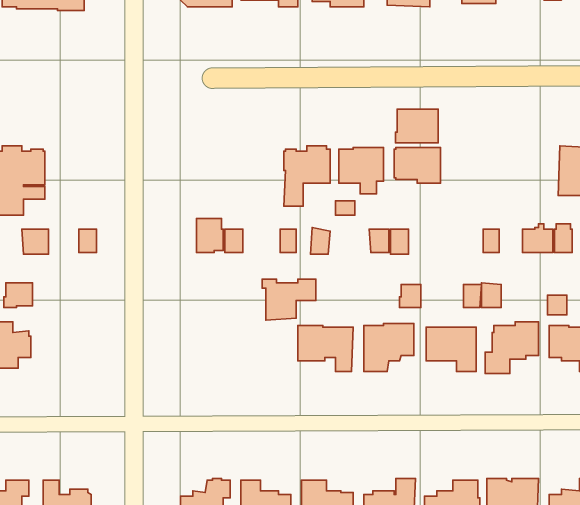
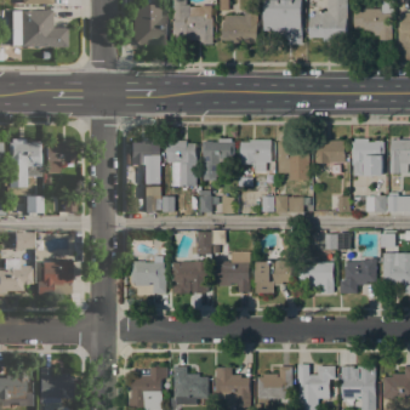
building: [395,109,438,143] -> [315,141,344,164]
building: none -> [351,139,383,176]
building: none -> [125,141,160,183]
building: none -> [166,141,197,187]
building: none -> [45,142,75,173]
building: none -> [36,262,70,295]
building: none -> [131,262,165,294]
building: none -> [171,262,212,295]

